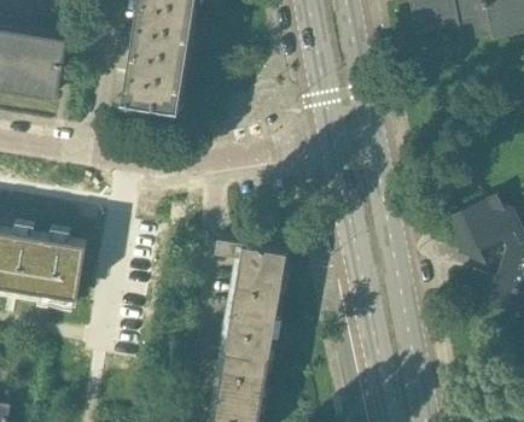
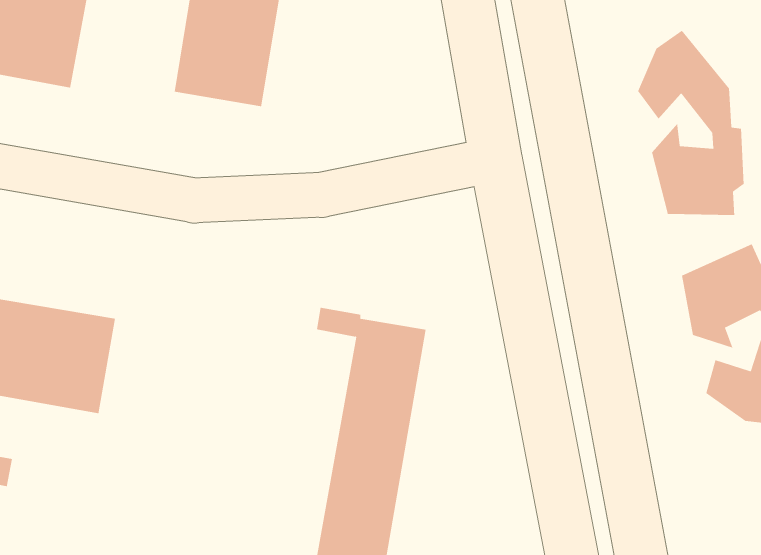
building: none -> [638,30,744,216]

